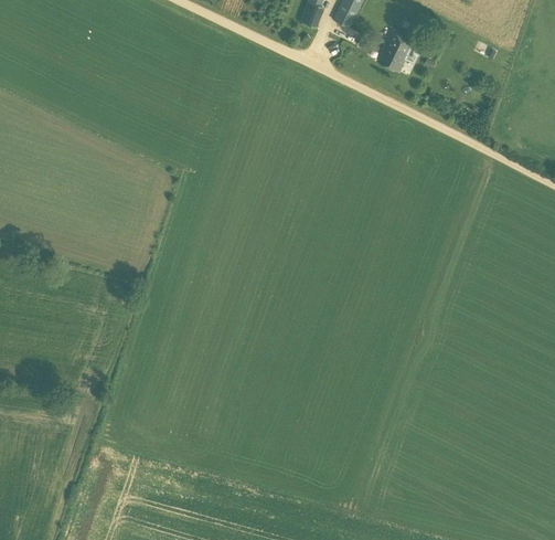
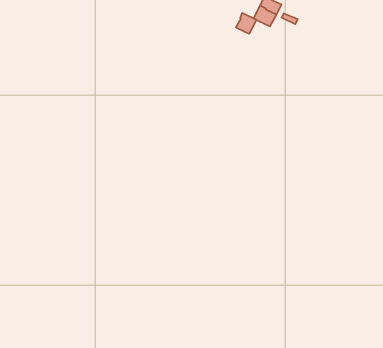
building: none -> [236,13,256,34]

